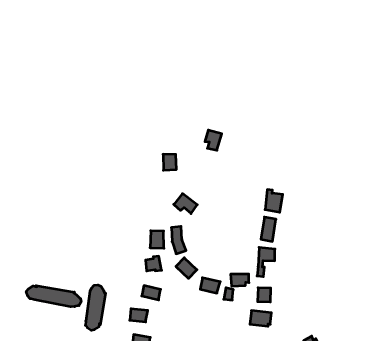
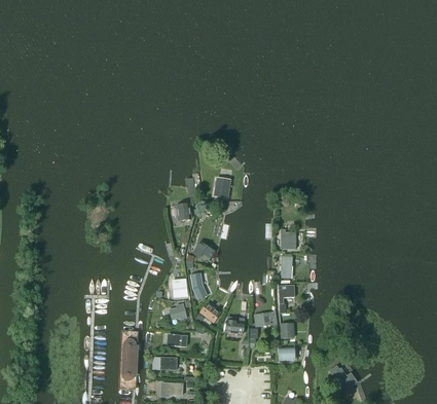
building: [26,286,81,307] -> none

